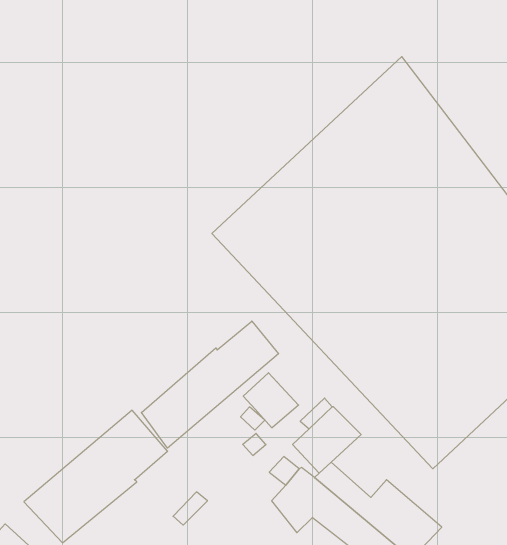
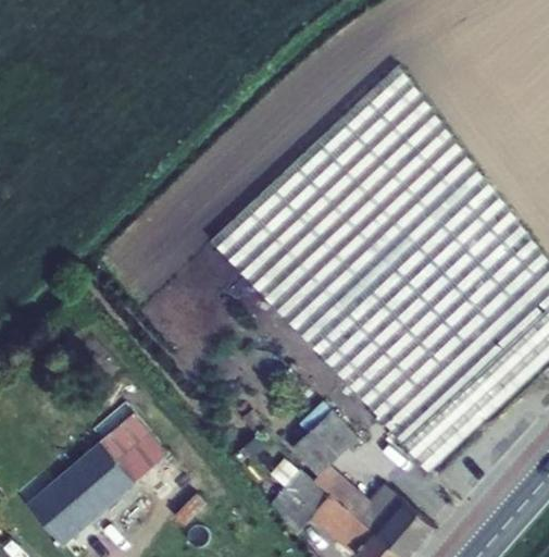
building: [141,321,279,448] -> none
building: [243,373,299,428] -> none

